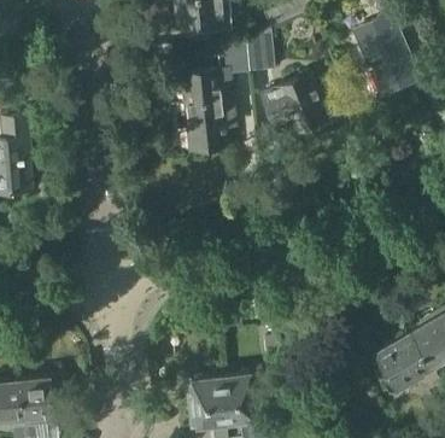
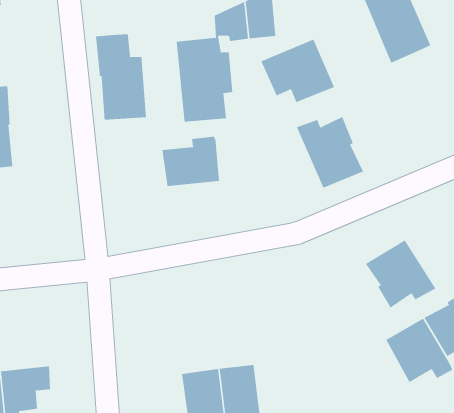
building: none -> [96,33,147,121]
building: none -> [296,116,364,189]
building: none -> [162,136,220,187]
building: none -> [365,240,436,308]

